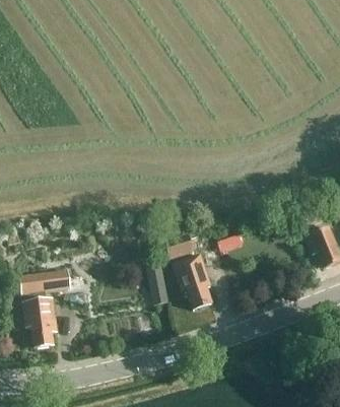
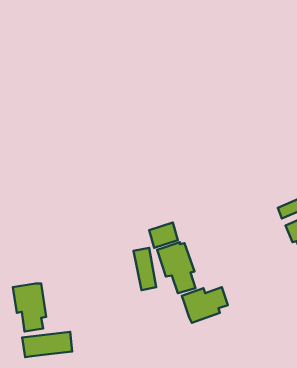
building: [18,269,70,295] -> [22,332,72,357]
building: none -> [182,287,228,323]

